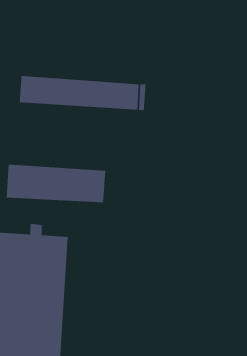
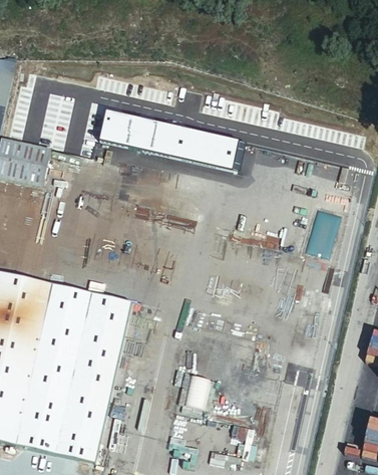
building: [6,164,106,203] -> none

